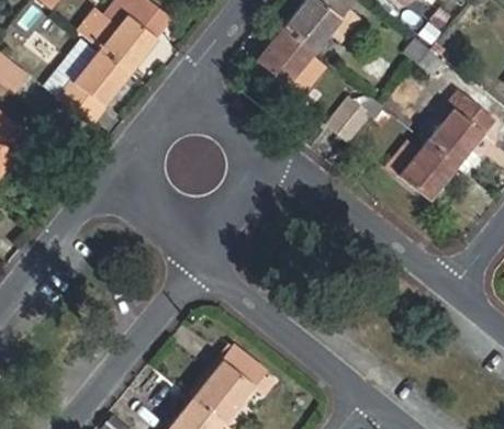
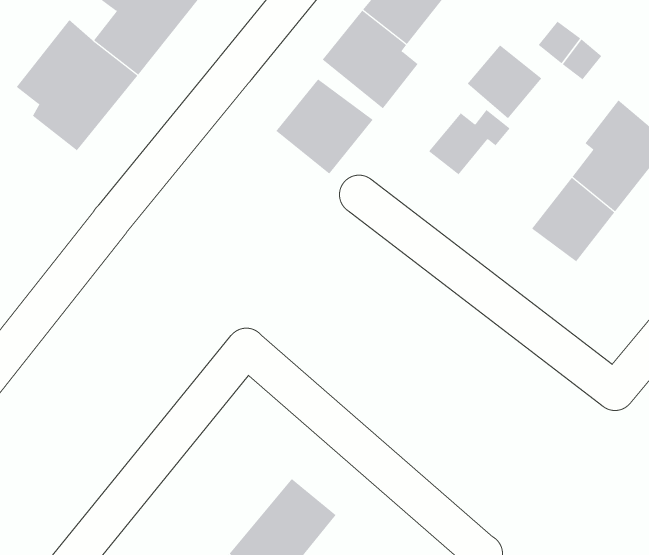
building: none -> [467,44,542,119]
building: none -> [275,79,373,174]

